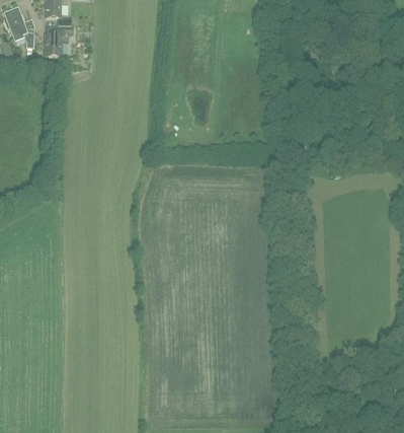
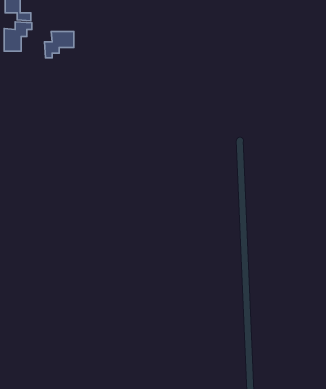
building: none -> [44,31,74,58]

